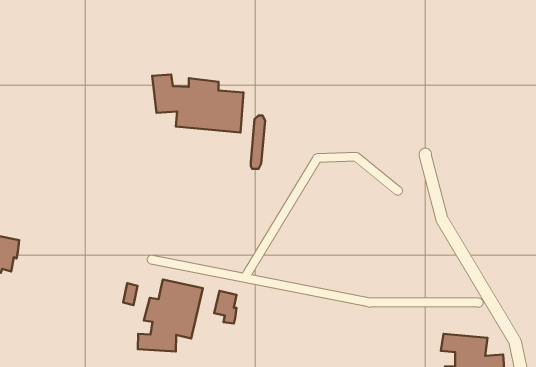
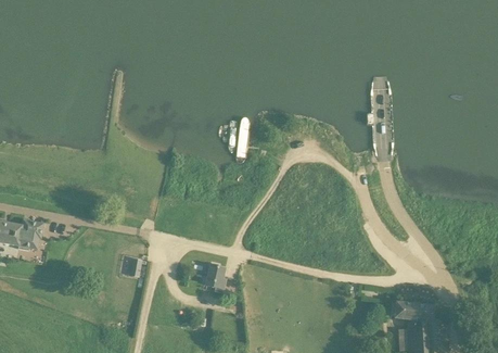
building: [152,74,243,132] -> none
building: [138,280,203,351] -> none

